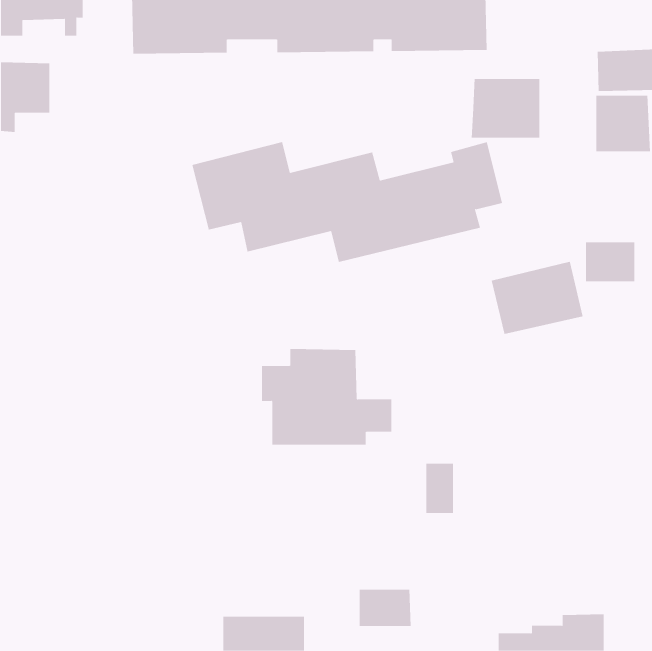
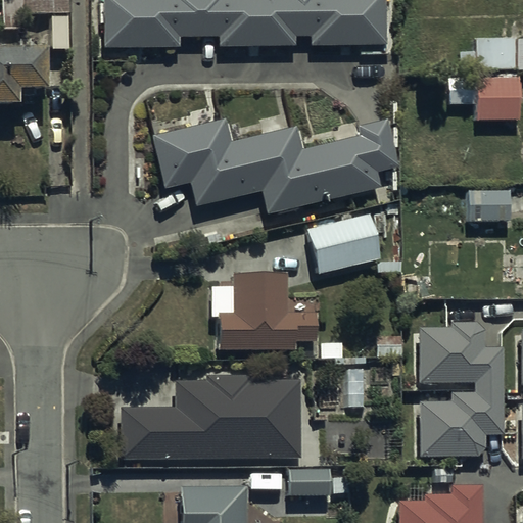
building: [471,78,540,139] -> none
building: [491,261,583,334] -> [306,212,380,271]
building: none -> [418,325,504,458]
building: none -> [124,376,299,461]

